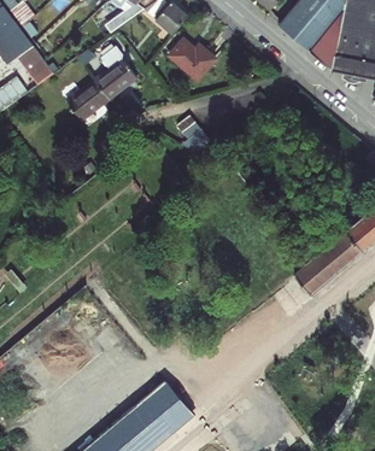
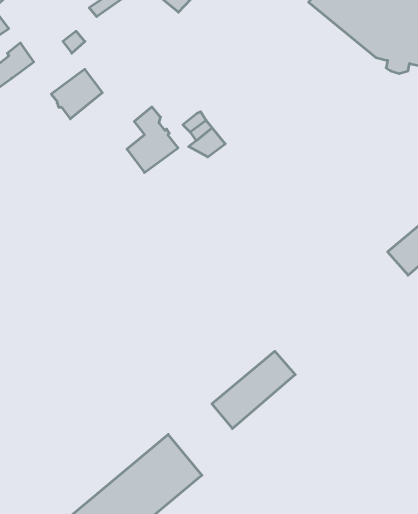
building: [170,41,215,80] -> none
building: [95,46,137,100] -> [127,107,178,173]
building: [293,232,362,295] -> [212,351,295,429]

